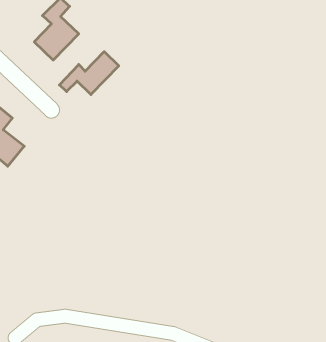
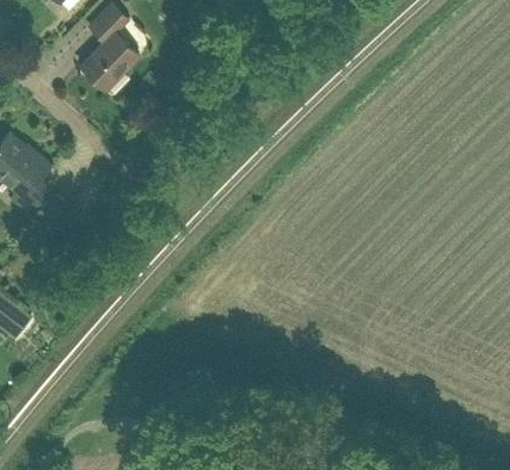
building: [59,52,119,95] -> none

